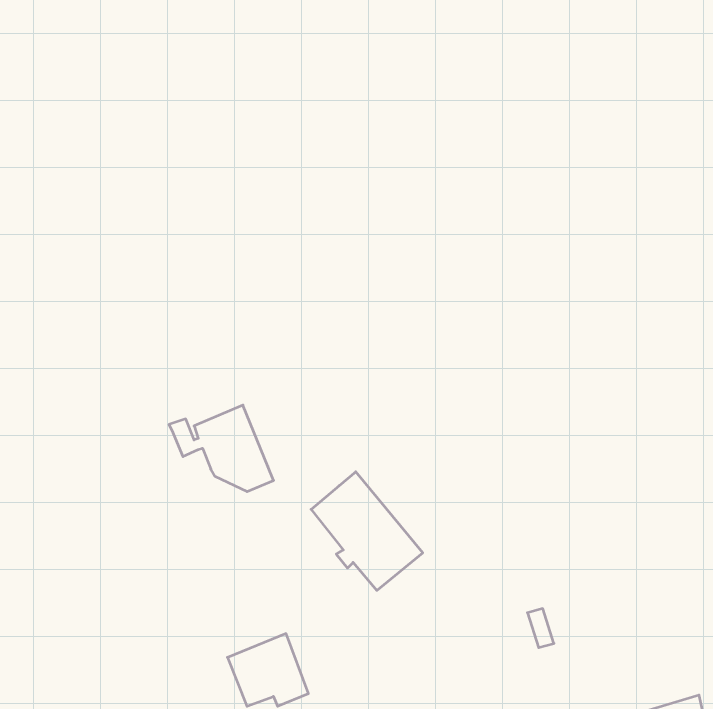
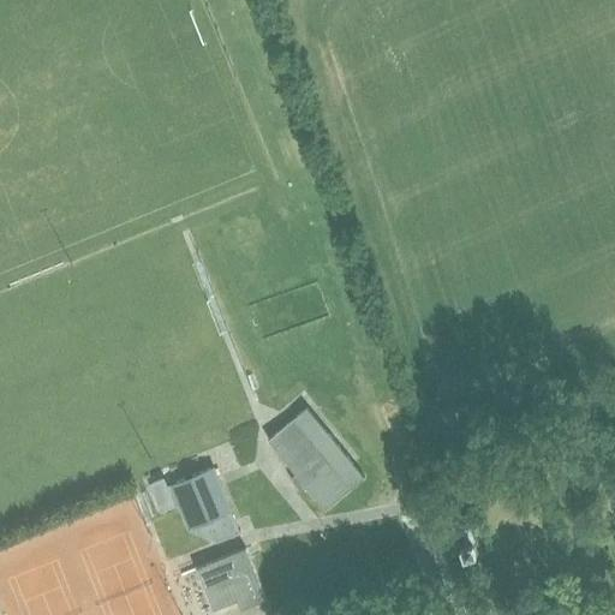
building: [169,405,274,492] -> [149,468,239,543]

